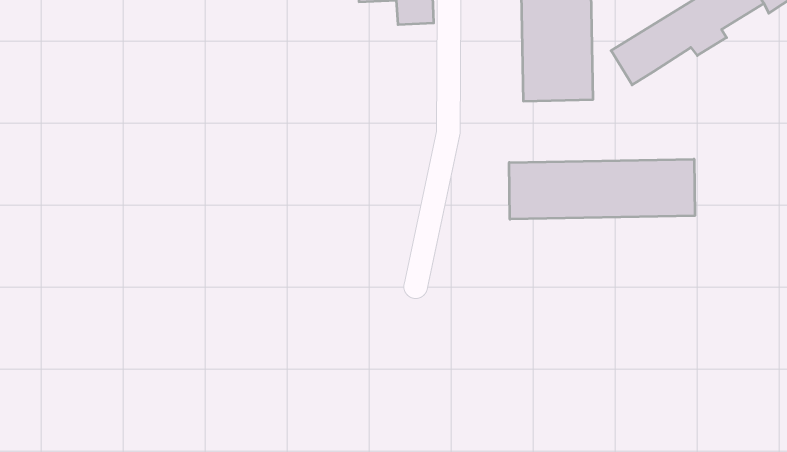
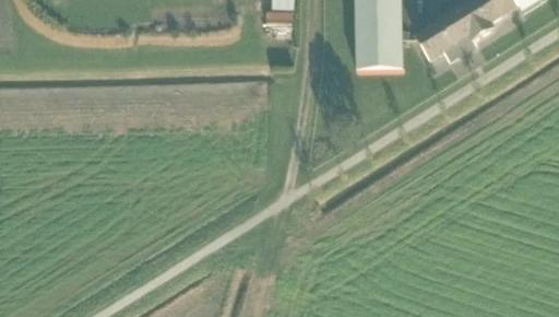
building: [509,159,695,219] -> none

